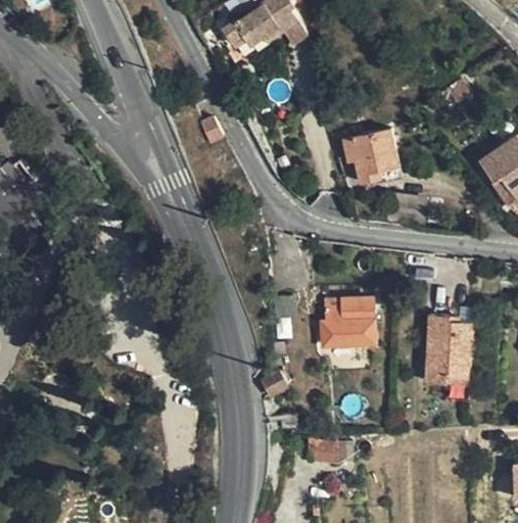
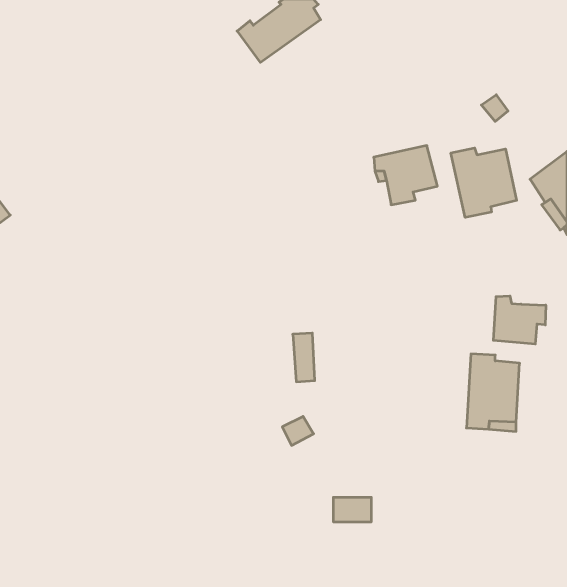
building: none -> [451,148,517,217]
building: none -> [493,296,546,344]
building: [321,295,376,345] -> none

